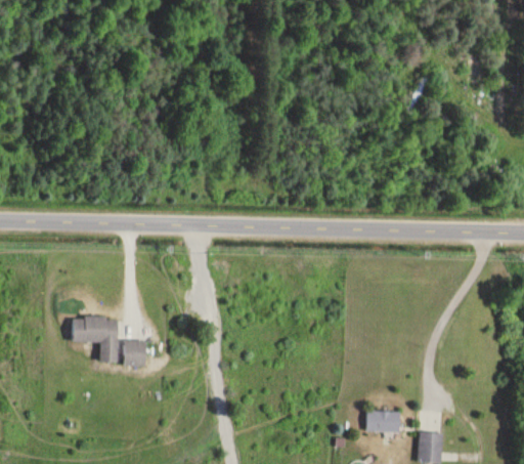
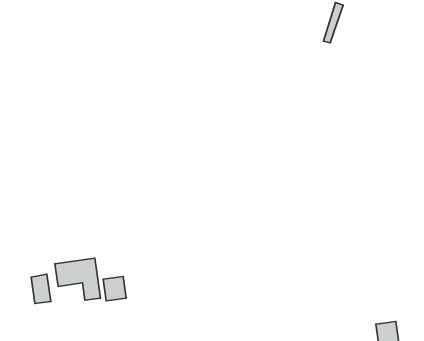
building: none -> [31,274,51,304]
building: [365,412,399,432] -> none

